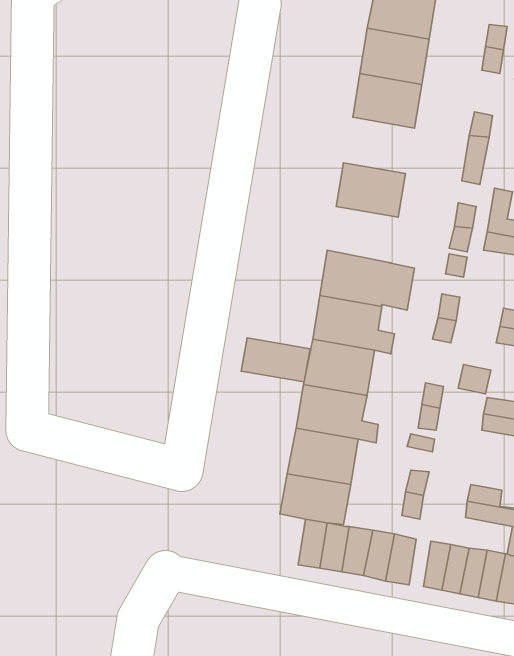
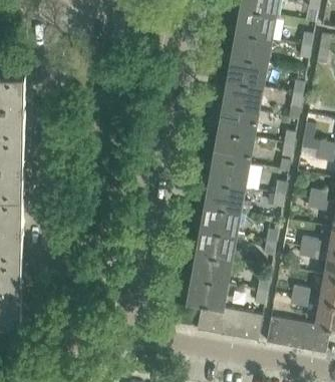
building: none -> [222,84,261,115]
building: none -> [213,133,252,164]
building: [241,338,310,382] -> none

